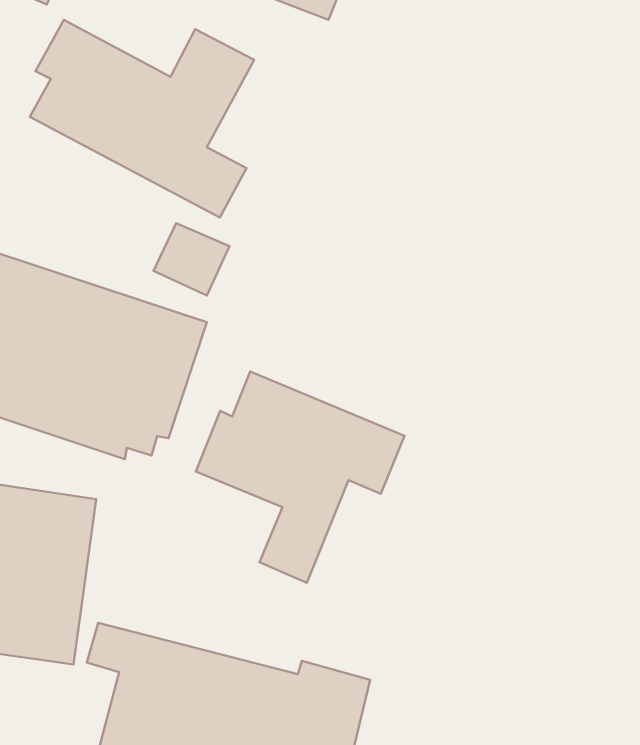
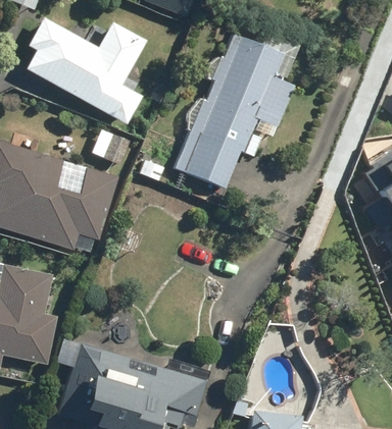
building: none -> [177,35,295,190]
building: [196,372,405,583] -> none

